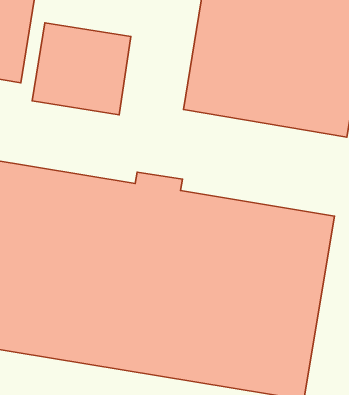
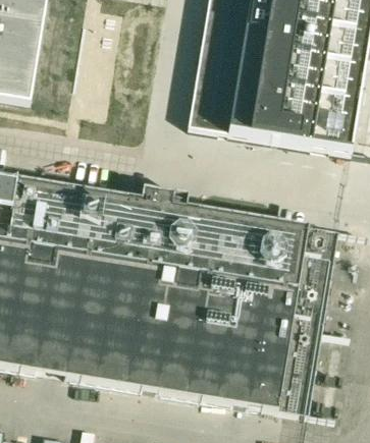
building: [32,23,131,115] -> none

